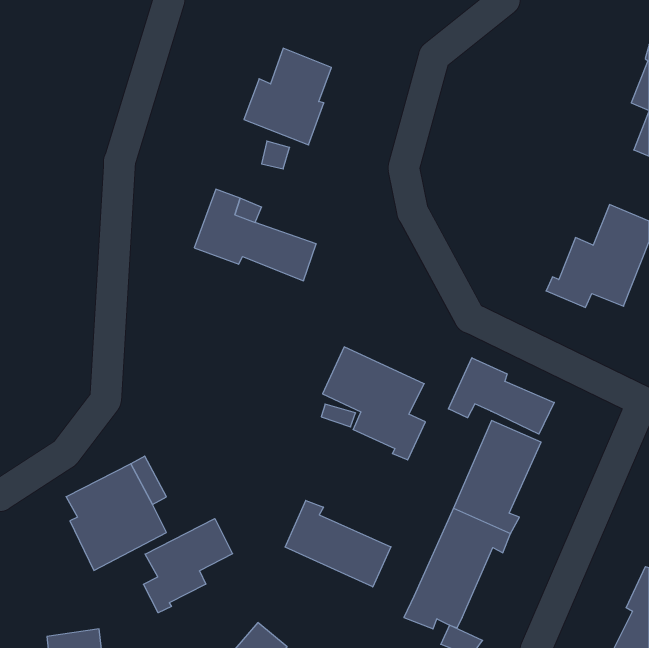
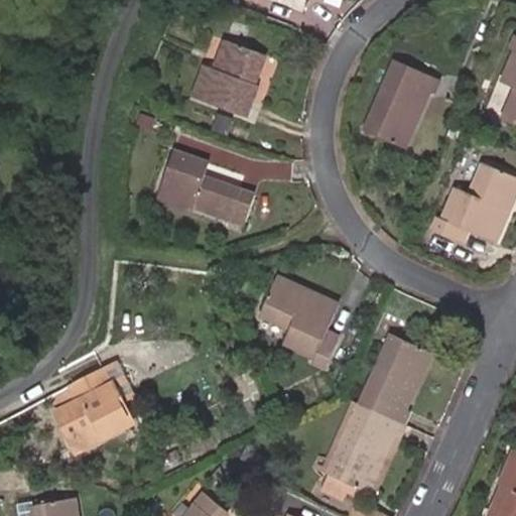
building: none -> [365,60,441,148]
building: [448,358,554,434] -> none
building: [285,500,391,587] -> none
building: [143,519,233,613] -> none

